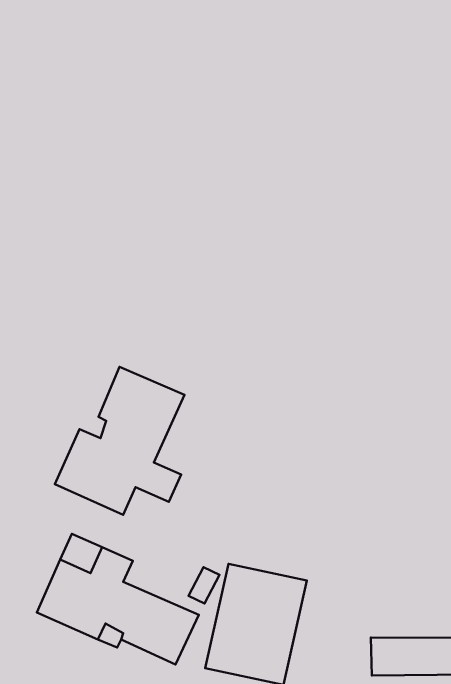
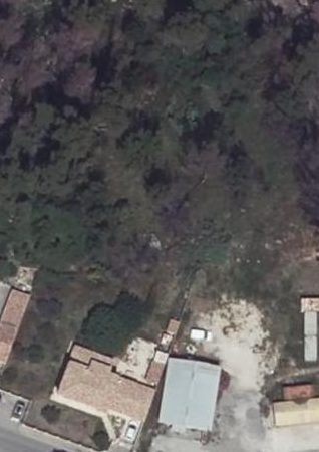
building: [55,367,185,515] -> none

